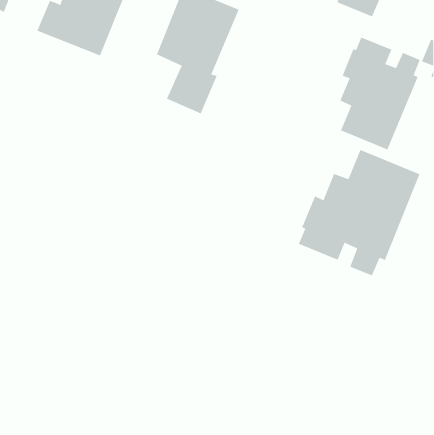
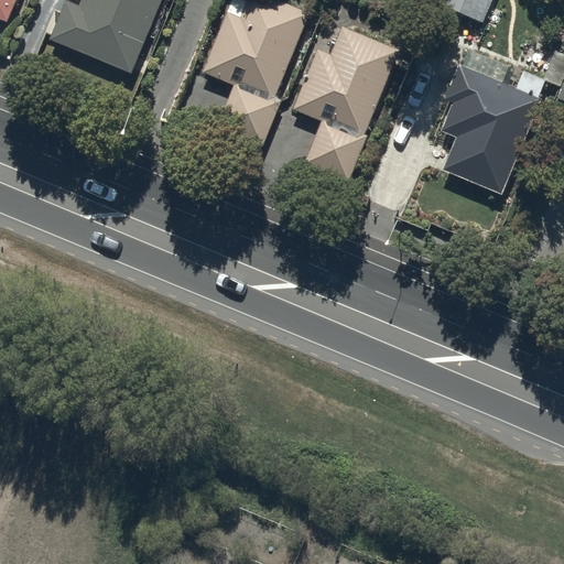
building: none -> [293,26,400,181]
building: [298,149,420,276] -> none

